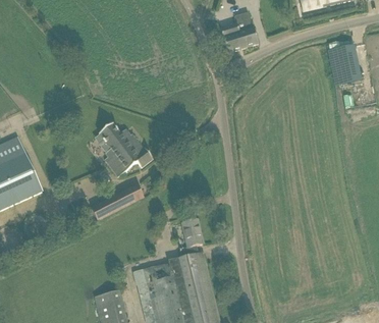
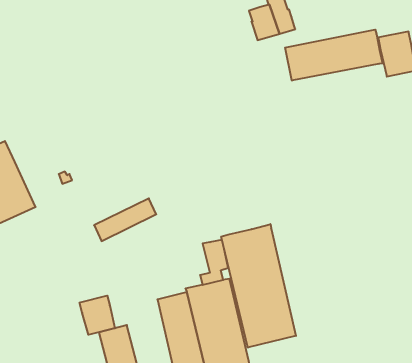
building: none -> [285,30,383,81]
building: [99,121,153,175] -> none
building: none -> [221,224,296,348]
building: none -> [80,296,115,335]

